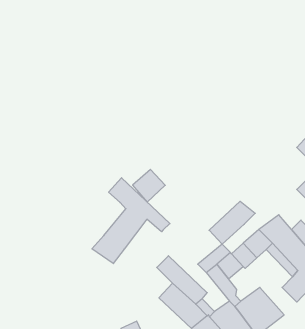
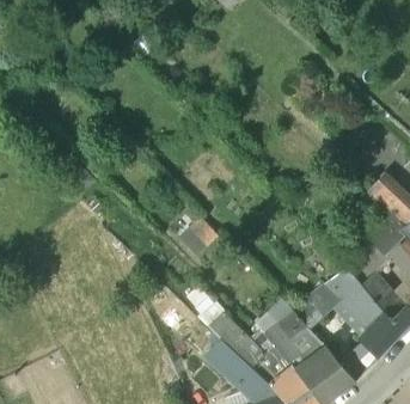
building: [92,178,170,264] -> none
building: [209,201,255,244] -> none

